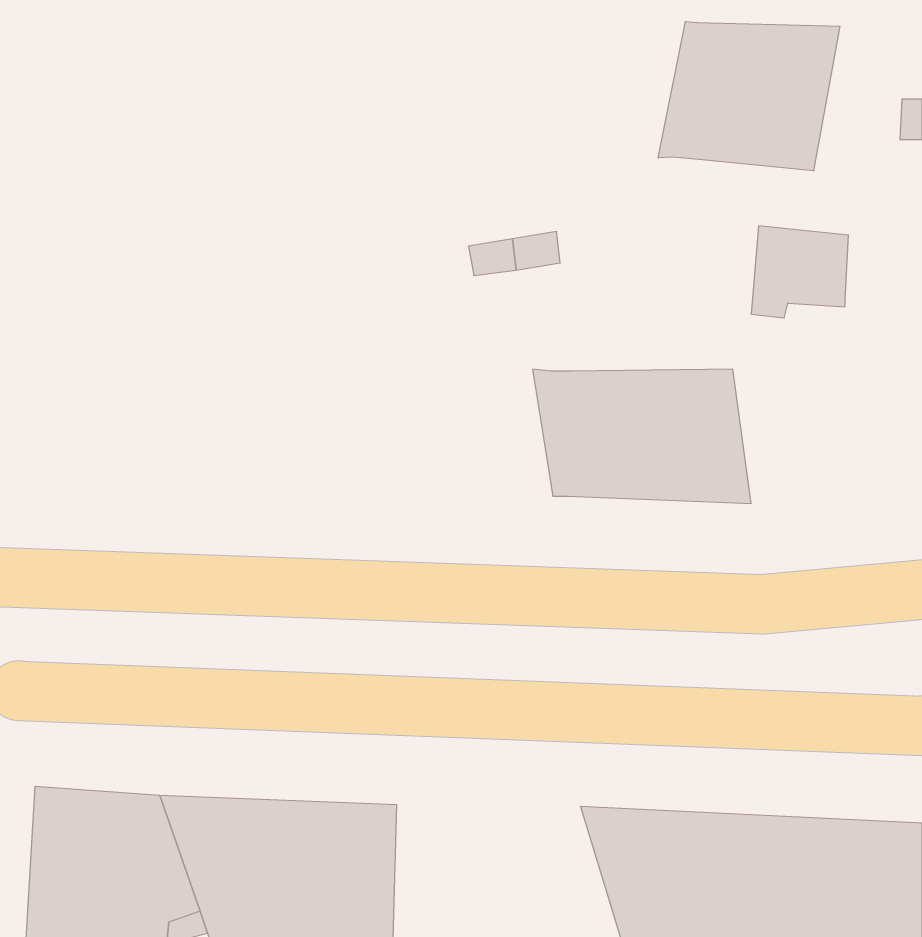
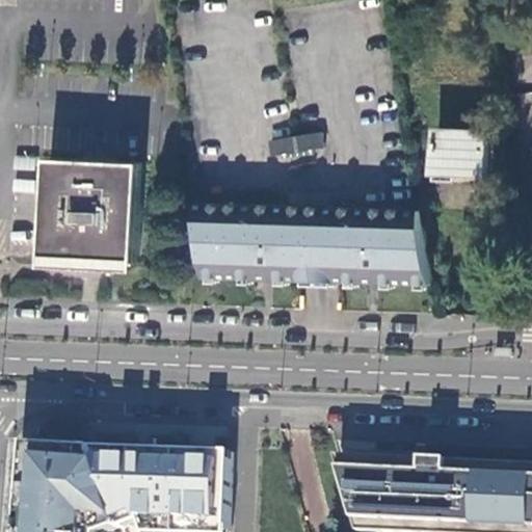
building: [658,21,840,171] -> none
building: none -> [36,159,135,263]
building: none -> [187,205,313,282]

